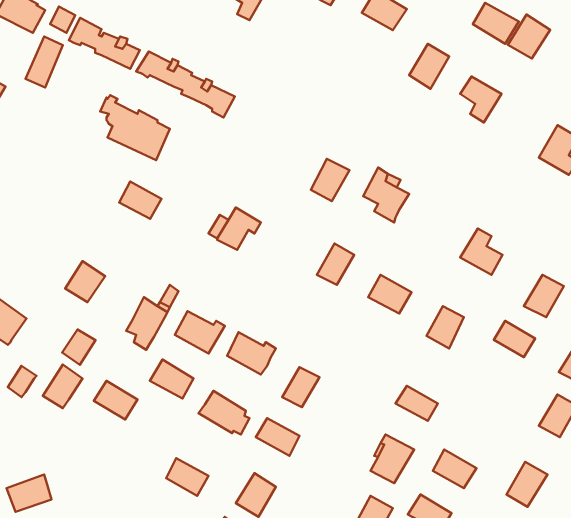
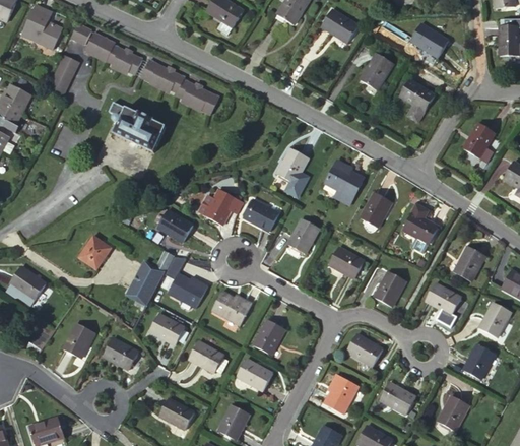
building: [508,14,550,59] -> none
building: [119,181,161,219] -> [158,211,193,242]
building: none -> [356,192,388,226]
building: none -> [242,199,276,231]
building: [62,329,95,365] -> none

